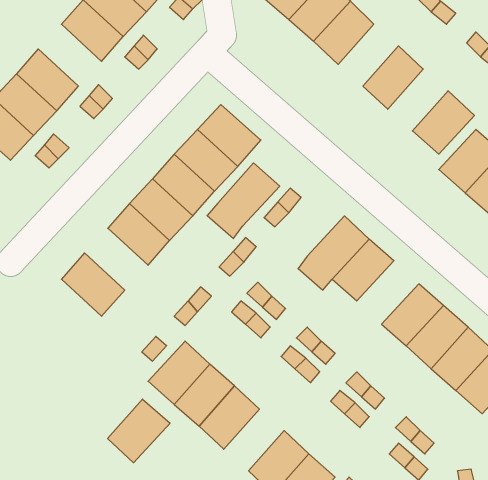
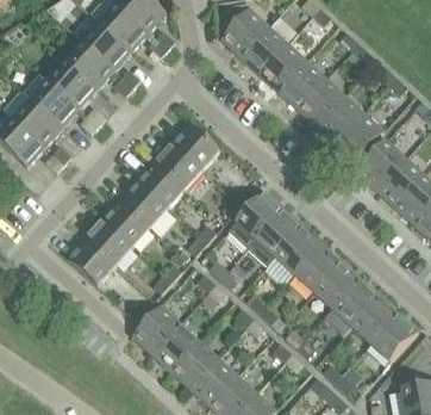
building: none -> [48,61,96,109]
building: none -> [279,61,325,109]
building: none -> [317,95,363,143]
building: [207,163,280,239] -> [227,191,283,249]
building: none -> [83,218,132,266]
building: none -> [293,243,341,292]
building: [108,399,170,463] -> none
building: none -> [190,358,237,405]

